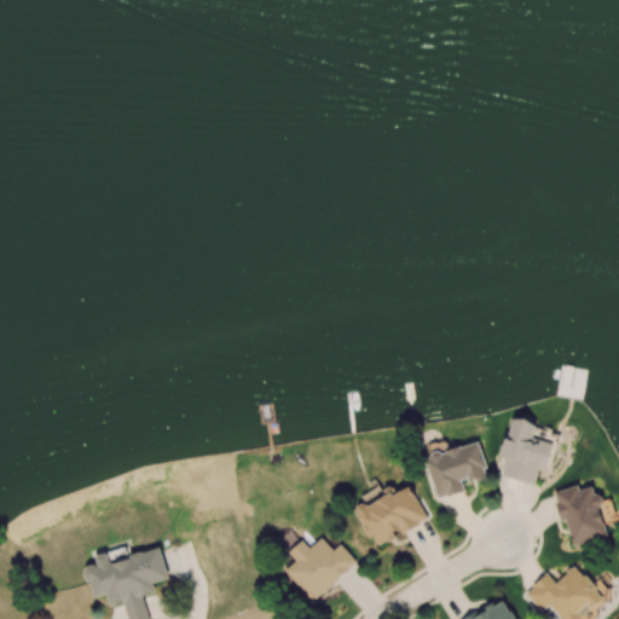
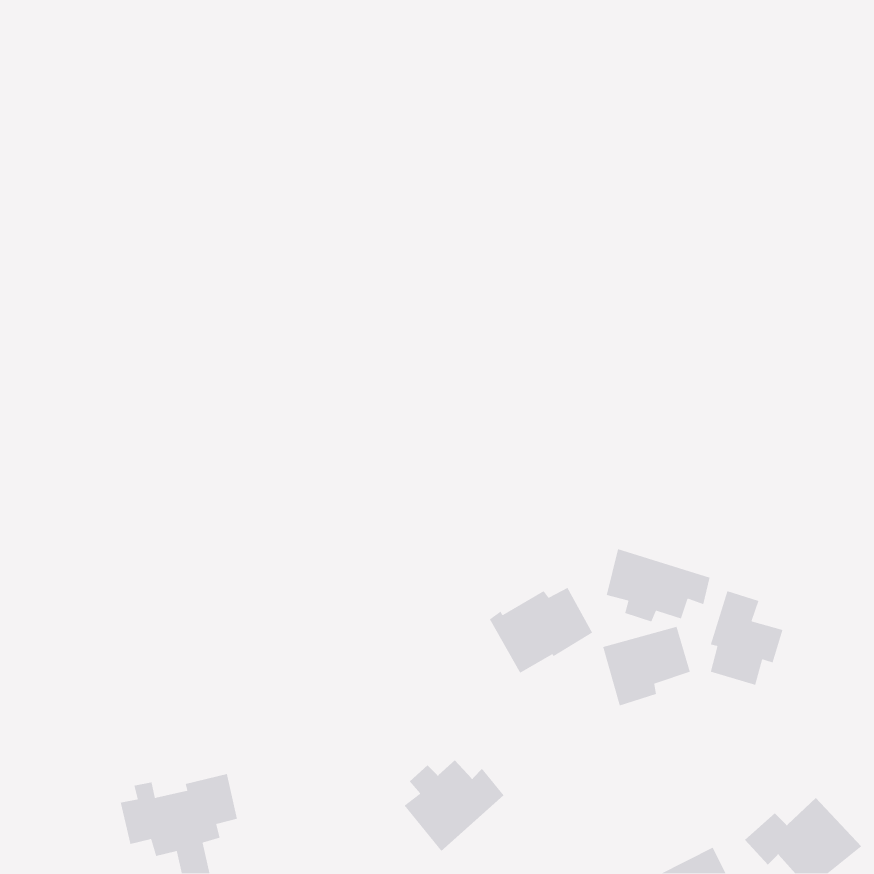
building: none -> [606,548,711,622]
building: [554,485,609,546] -> none
building: [354,486,428,548] -> [489,587,593,674]

